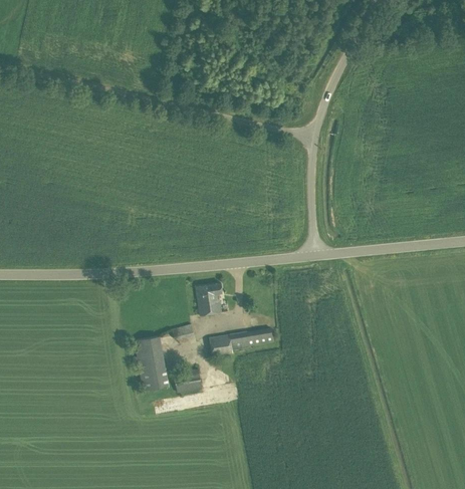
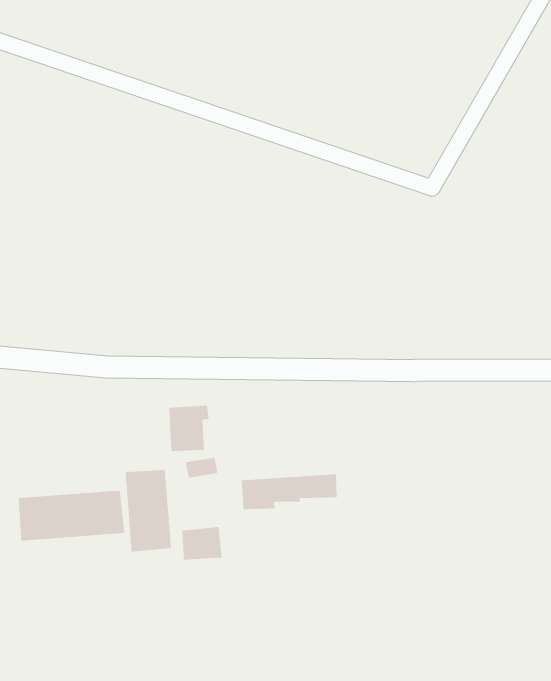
building: [195,283,222,315] -> [168,405,209,451]
building: none -> [18,490,125,541]

